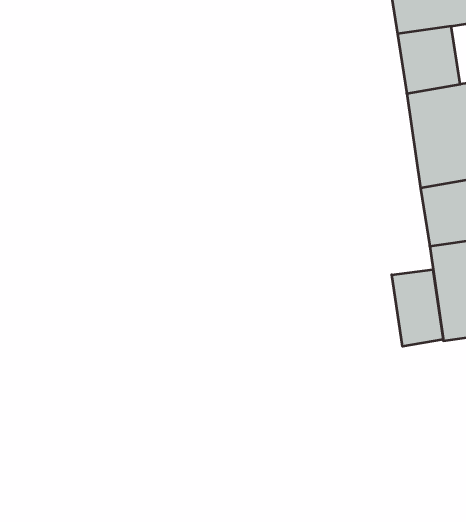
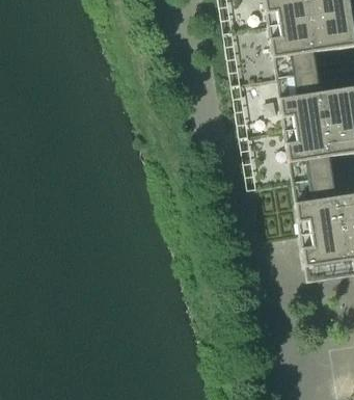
building: [392,270,443,346] -> none

